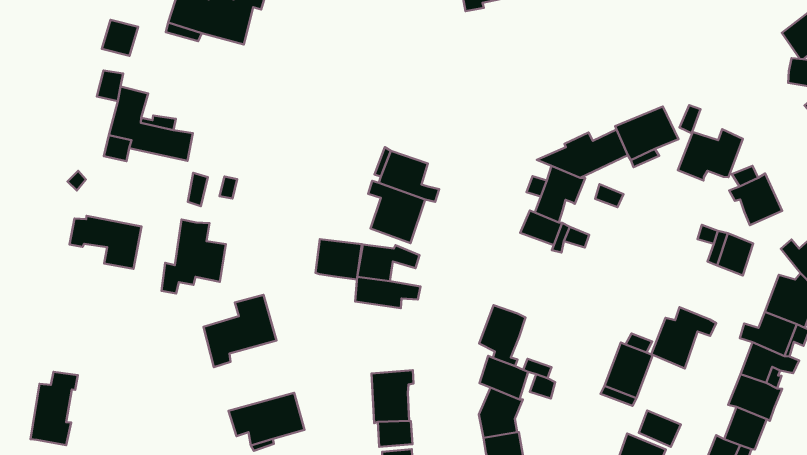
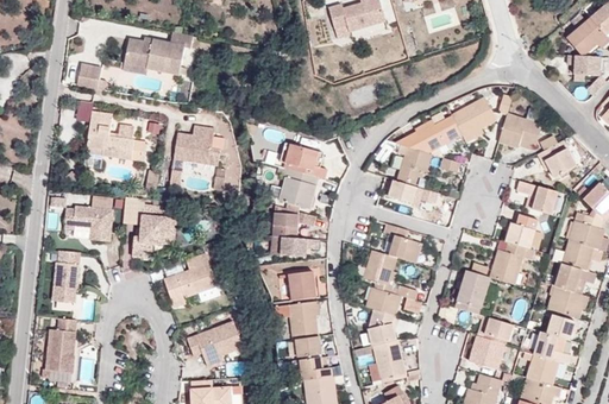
building: none -> [174,126,220,166]
building: [316,239,362,280] -> none
building: none -> [387,223,421,263]
building: none -> [506,216,536,248]
building: none -> [52,253,79,304]
building: none -> [288,271,316,302]

